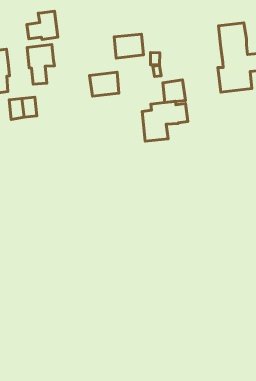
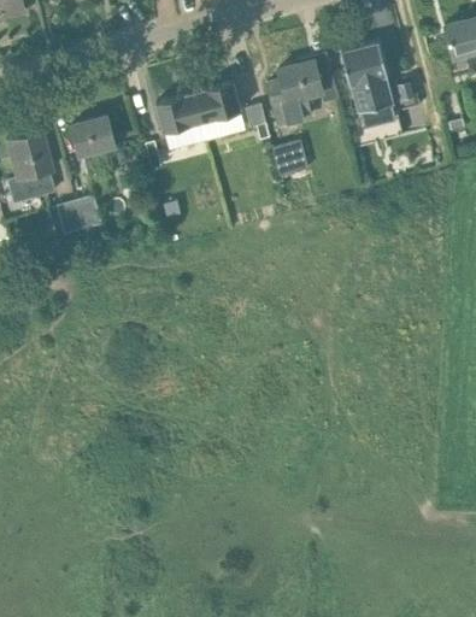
building: [27,11,58,40] -> none
building: [90,72,119,96] -> [155,90,201,130]
building: [142,101,188,141] -> [268,59,335,123]

